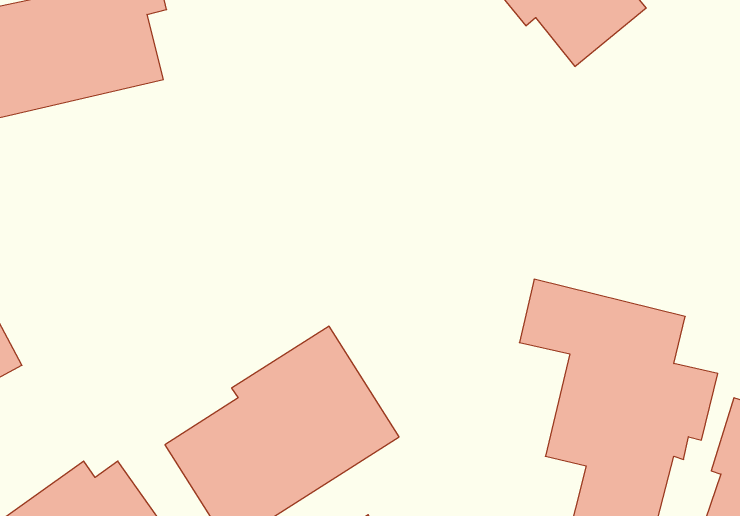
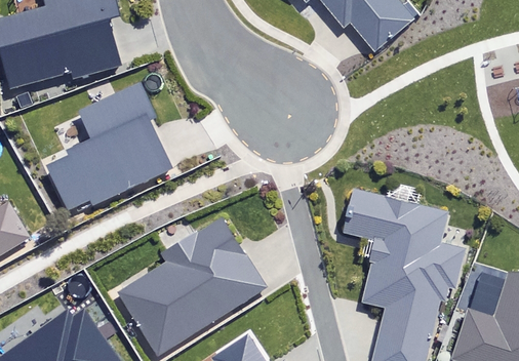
building: none -> [46,86,171,213]

